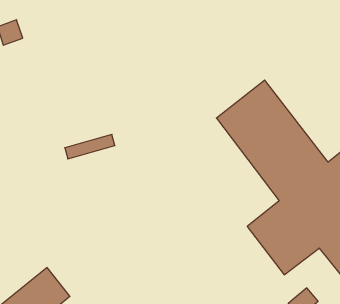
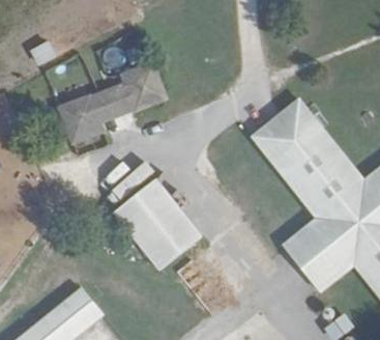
building: none -> [57,59,169,144]
building: none -> [112,176,202,272]

